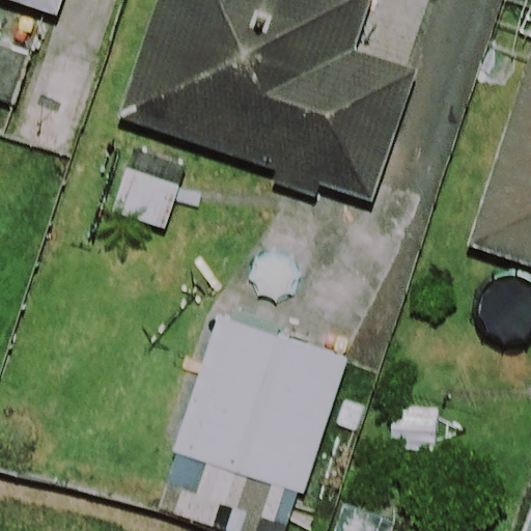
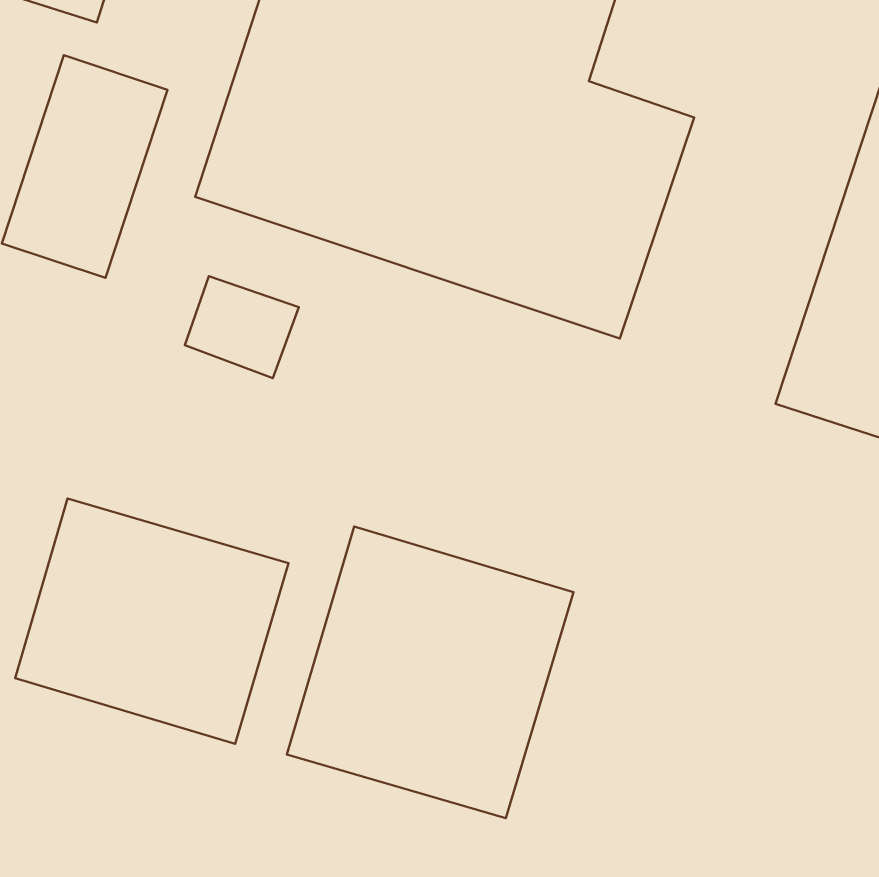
building: none -> [15,498,289,744]

